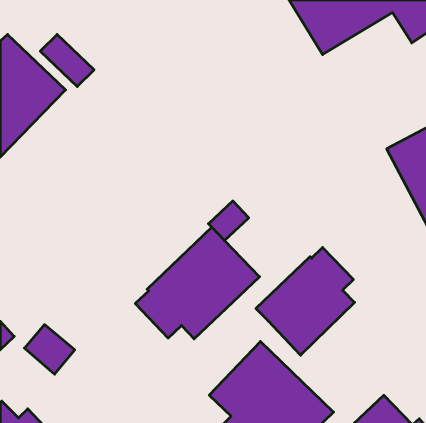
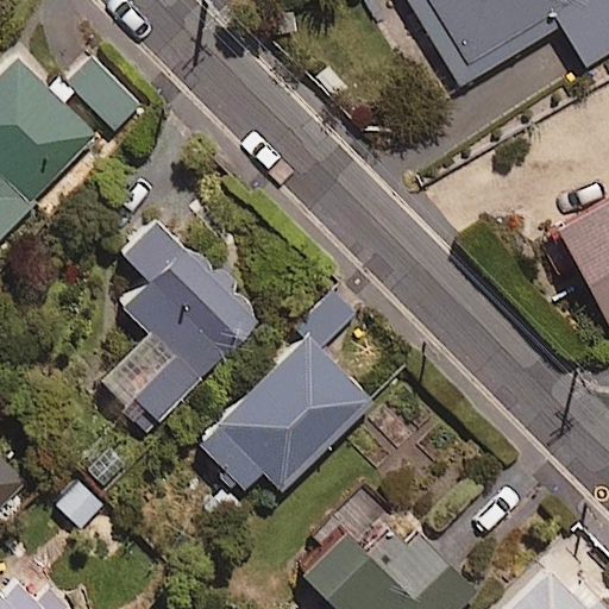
building: none -> [120,218,257,434]
building: [256,247,355,355] -> none

